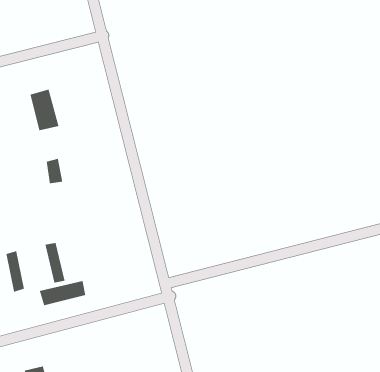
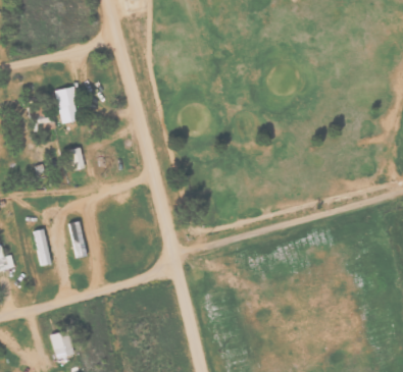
building: [39,280,86,306] -> none

